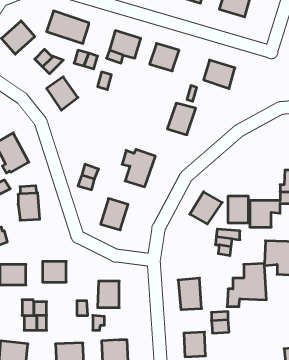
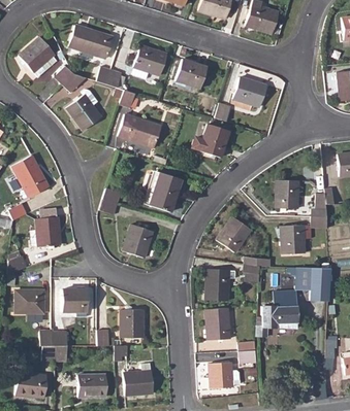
building: none -> [118,113,160,147]
building: [228,196,248,223] -> [277,180,298,208]
building: none -> [206,267,230,299]

